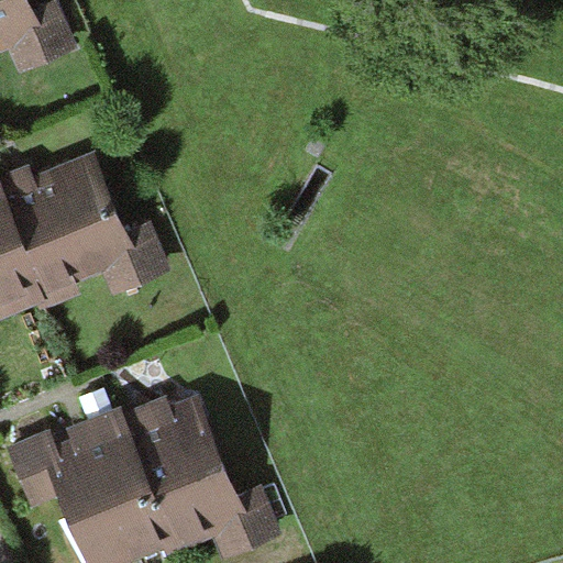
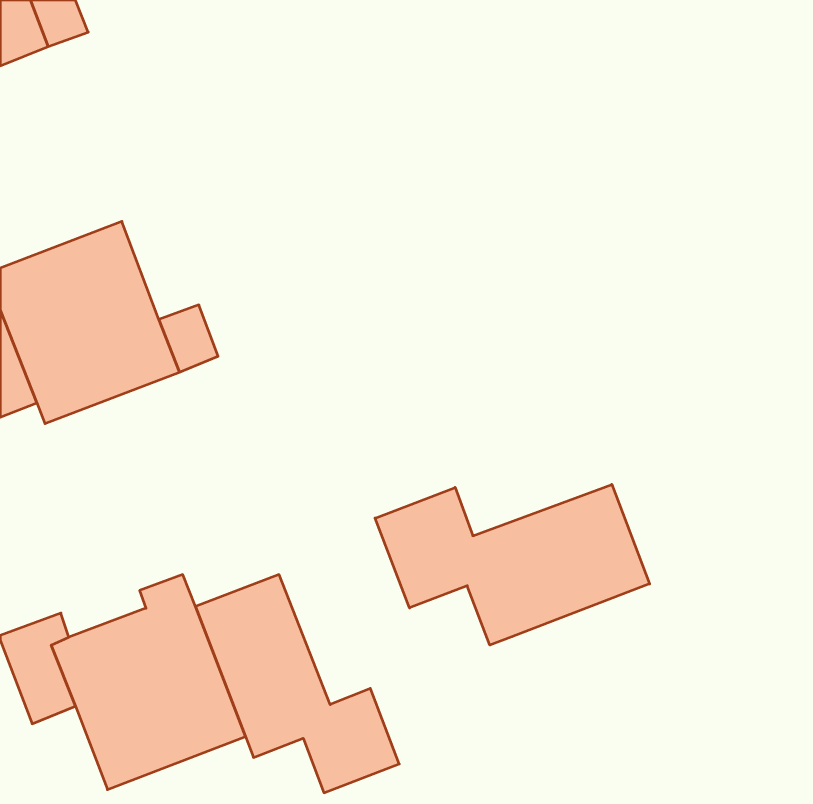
building: none -> [375,484,650,645]

